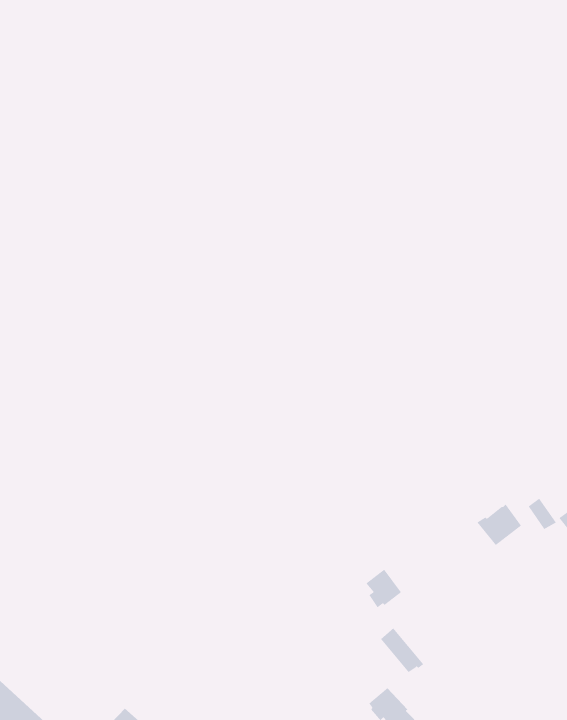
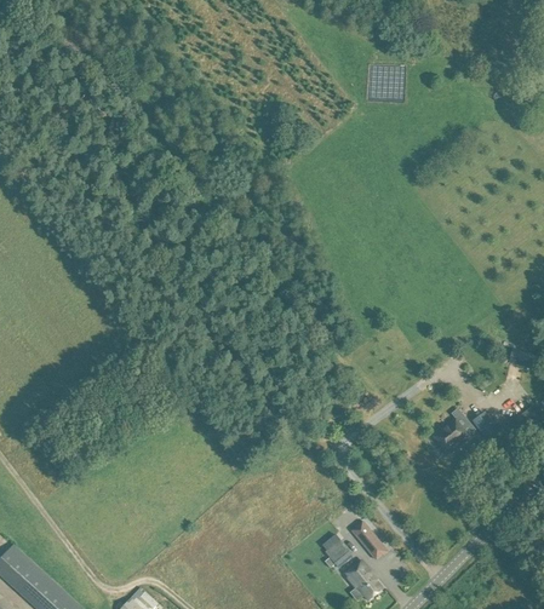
building: [365,569,402,608] -> [325,539,355,571]

